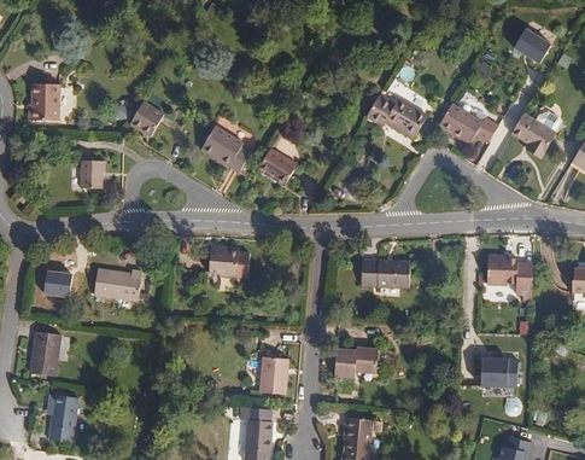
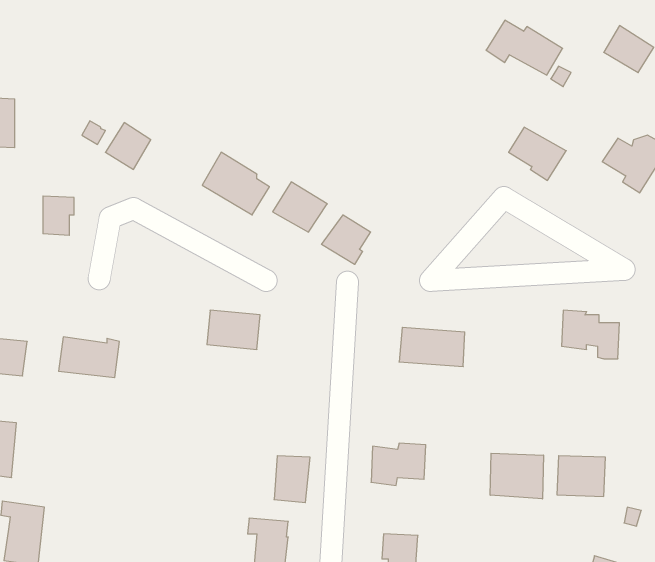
building: [367,94,426,136] -> [486,20,563,75]
building: none -> [322,215,371,264]
building: none -> [490,453,543,499]

